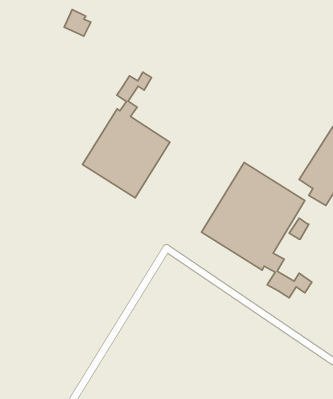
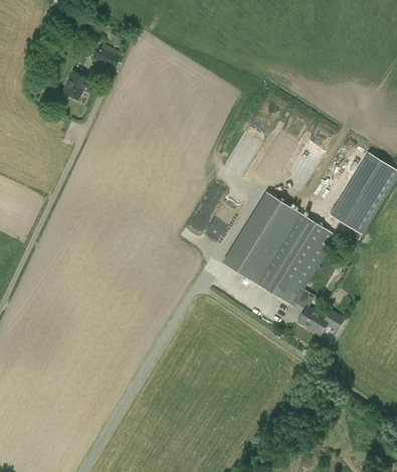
building: none -> [60,69,90,99]
building: [83,72,170,198] -> none

